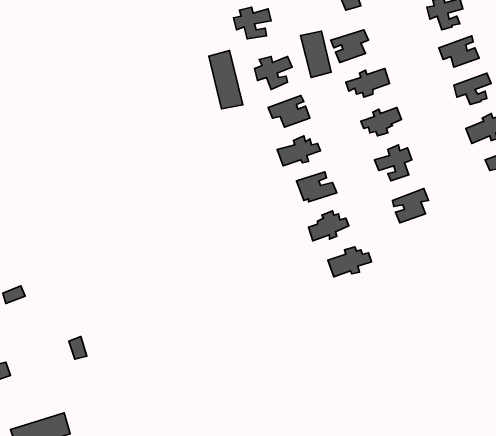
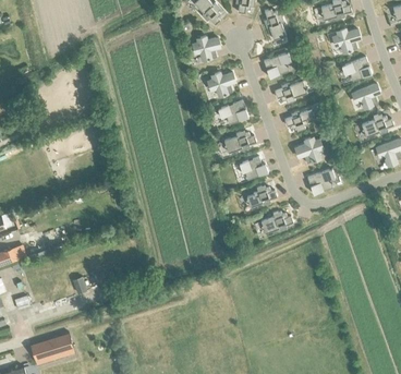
building: [301,31,331,77] -> none
building: [209,51,243,109] -> none

